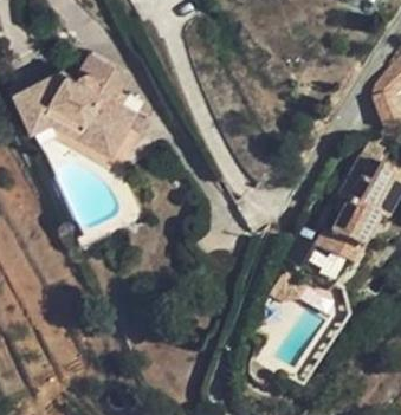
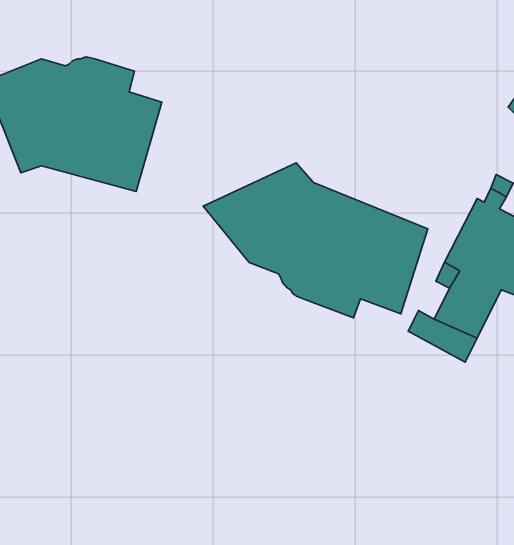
building: none -> [203,163,428,318]

